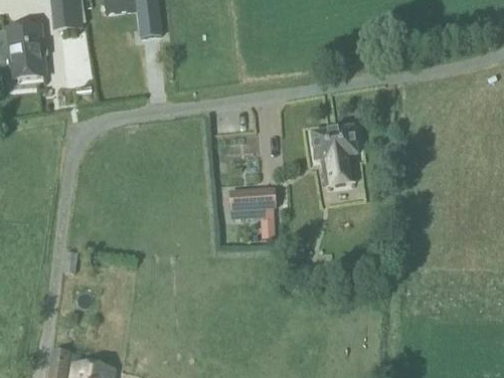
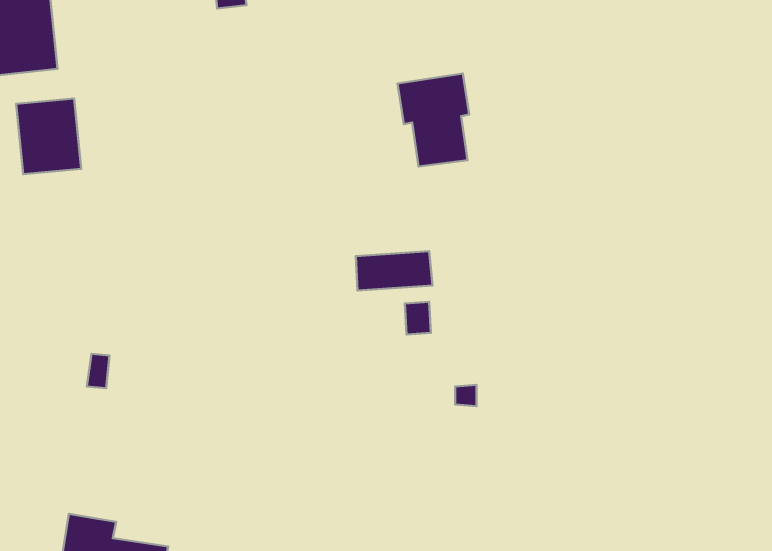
building: none -> [16,99,81,174]
building: [311,128,355,185] -> [397,74,469,167]

